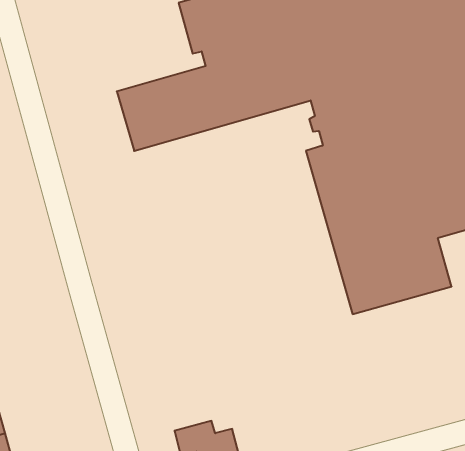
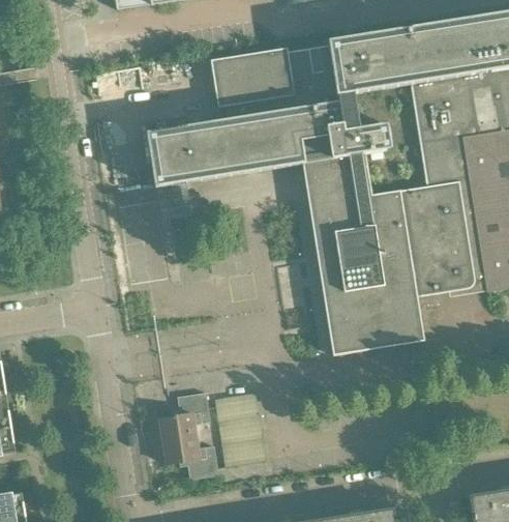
building: none -> [158,392,210,440]

